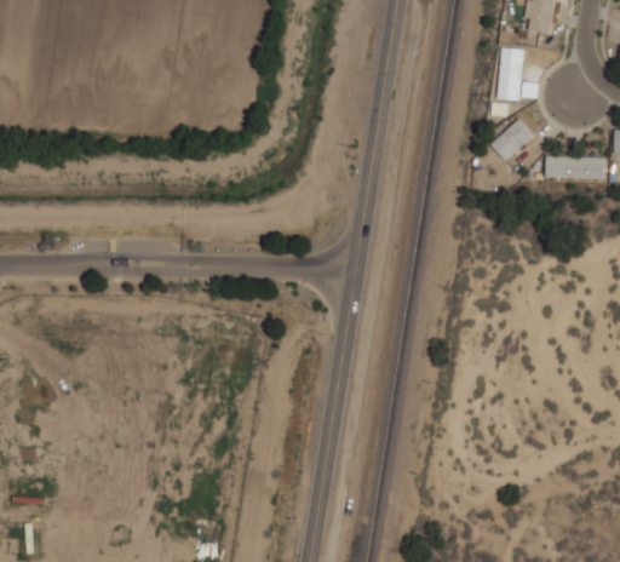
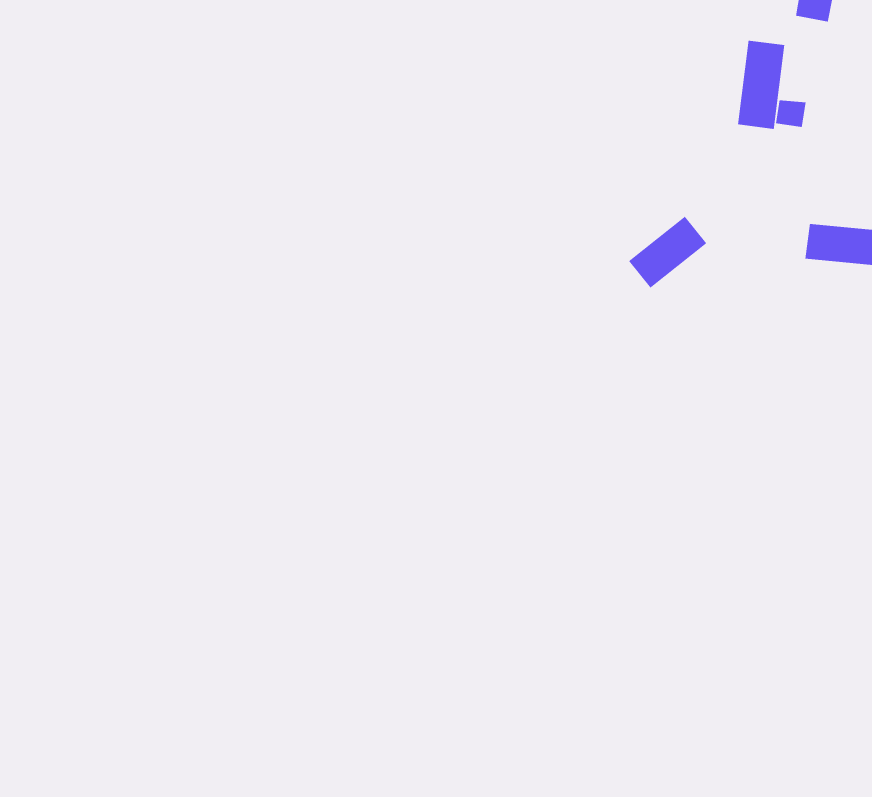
building: [487,117,534,164] -> [628,216,707,289]

